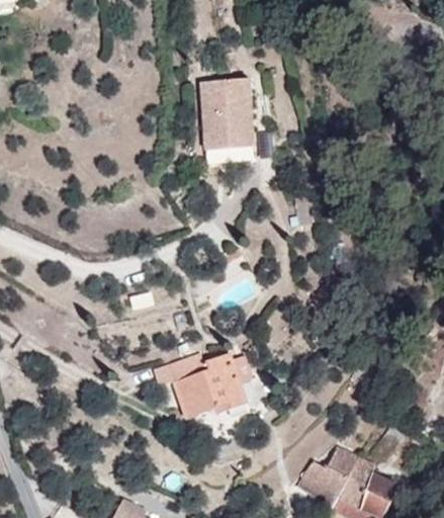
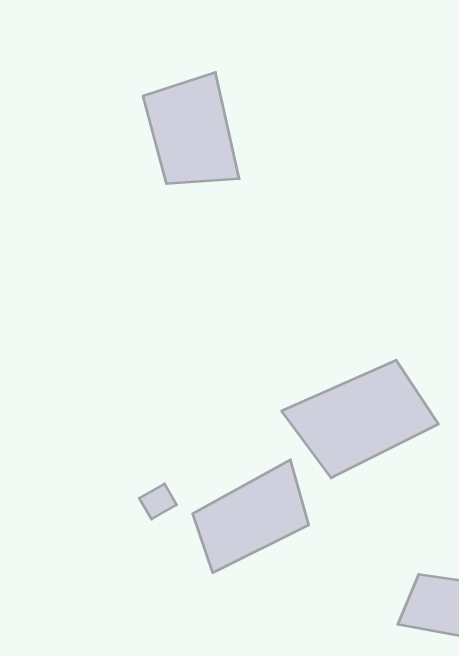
building: none -> [282,360,438,478]

